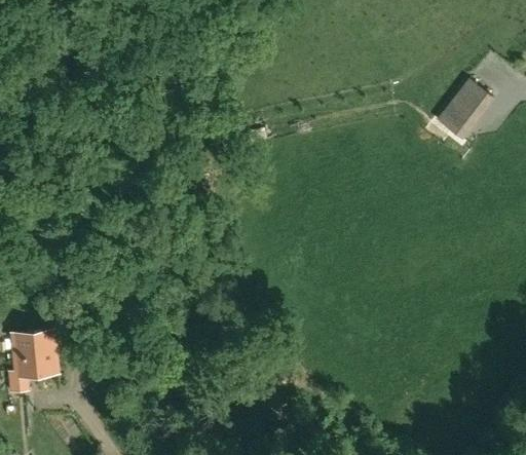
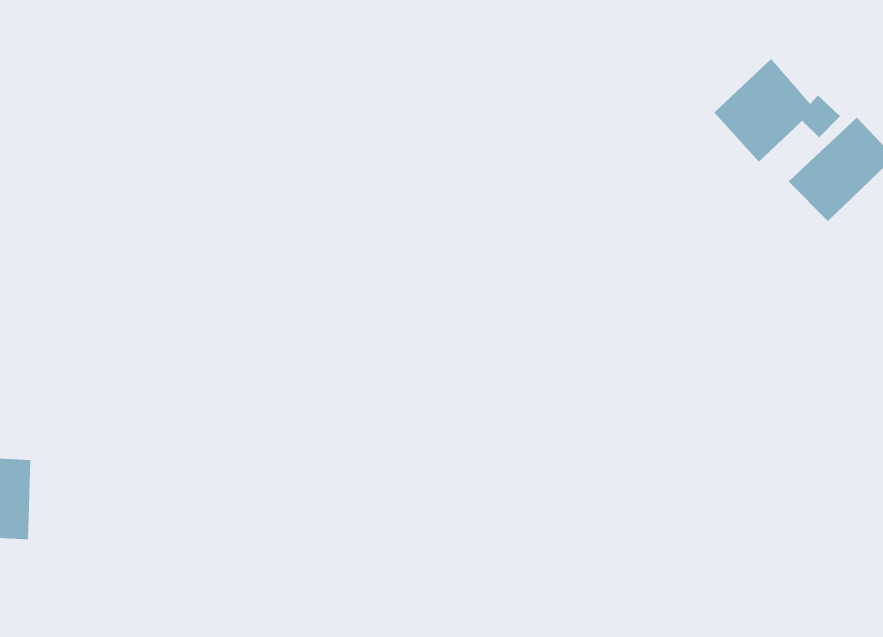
building: none -> [714,58,841,163]

